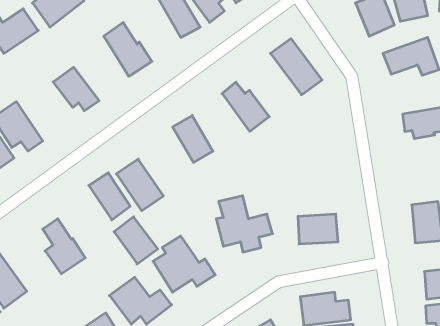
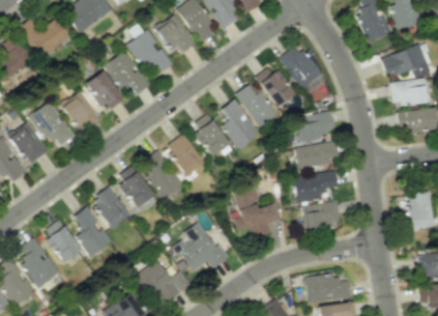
building: none -> [156,16,194,56]
building: none -> [105,50,151,95]
building: none -> [258,66,295,107]
building: none -> [390,80,427,106]
building: none -> [59,90,101,135]
building: none -> [220,99,259,149]
building: none -> [296,112,334,141]
building: none -> [167,134,206,176]
building: none -> [295,141,339,169]
building: none -> [294,172,339,201]
building: [114,217,158,264] -> [92,186,132,229]
building: none -> [47,220,81,263]

